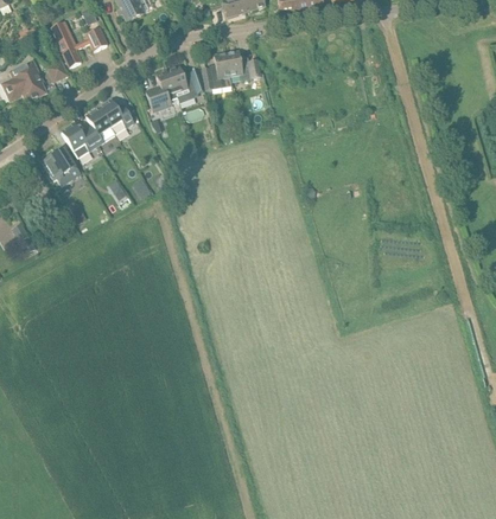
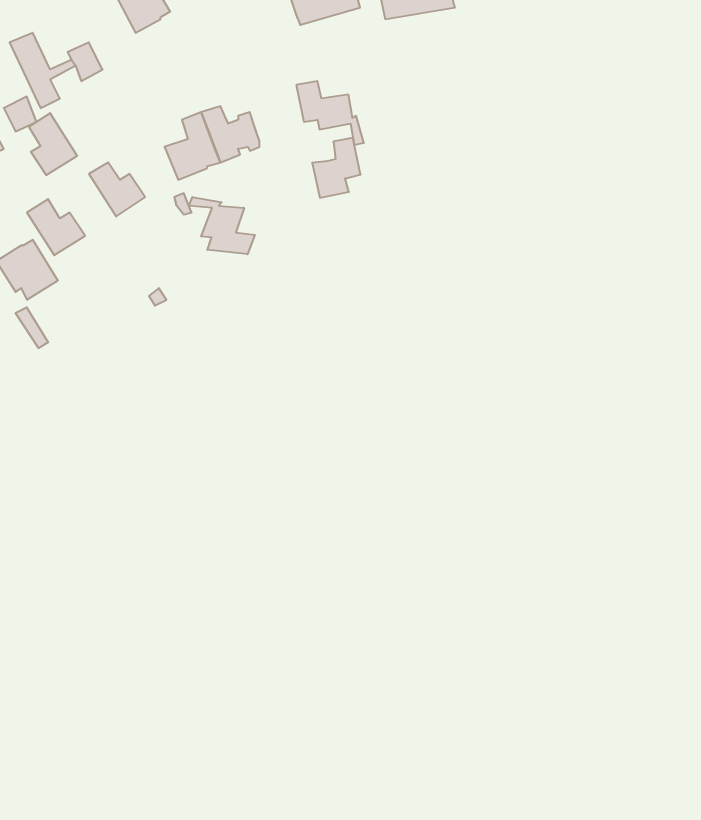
building: [201,52,230,89] -> [312,138,361,198]
building: [85,107,115,145] -> [29,113,77,175]
building: none -> [189,197,255,254]

